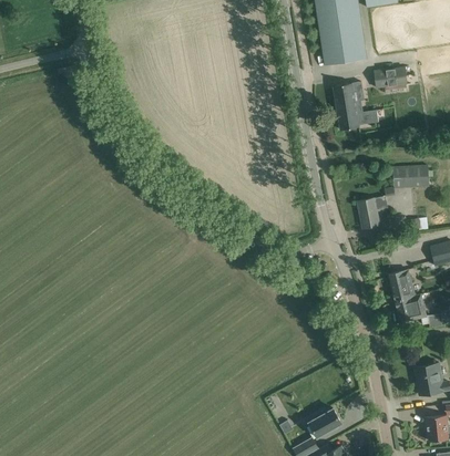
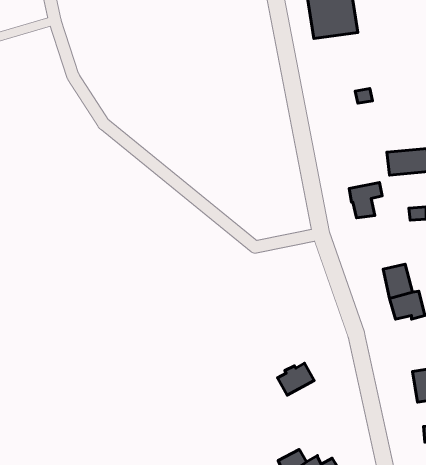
building: [374,68,407,89] -> none
building: [333,83,359,131] -> none
building: [308,408,341,437] -> [278,363,314,395]

